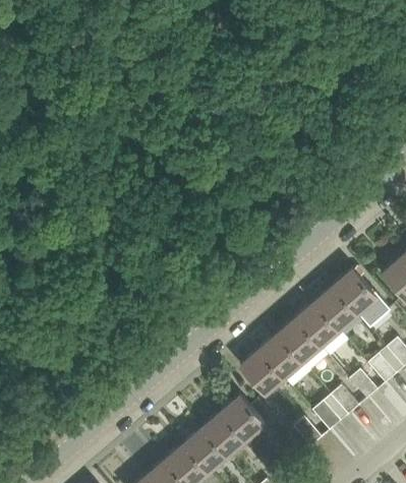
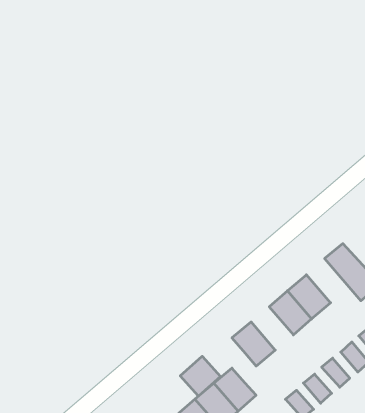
building: [315,285,370,329] -> none
building: [259,334,302,377] -> none
building: none -> [180,356,221,396]

